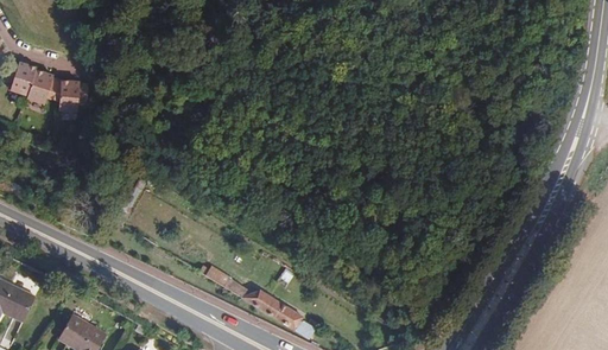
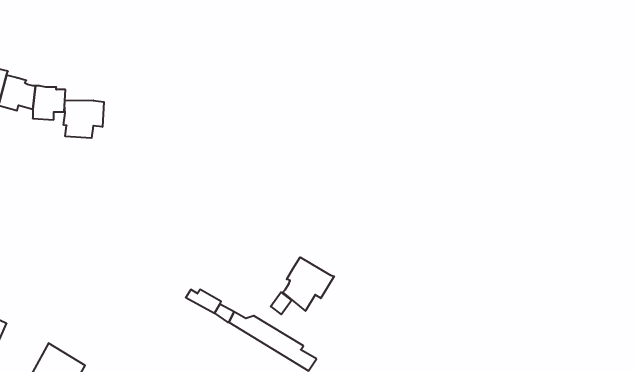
building: none -> [64,100,104,138]
building: none -> [283,257,334,311]

